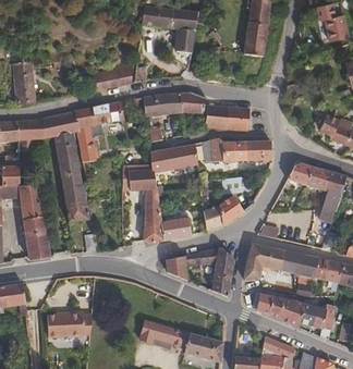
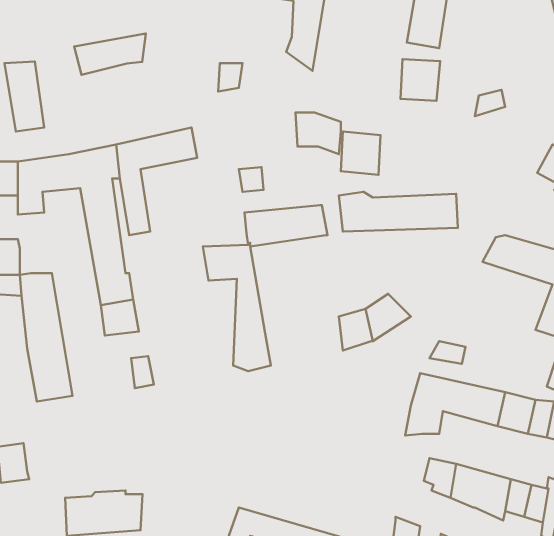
building: [92,65,133,89] -> [74,33,146,75]
building: [145,93,180,114] -> none
building: [227,106,249,130] -> [400,59,440,101]
building: [161,217,192,238] -> none
building: [166,246,233,295] -> none

